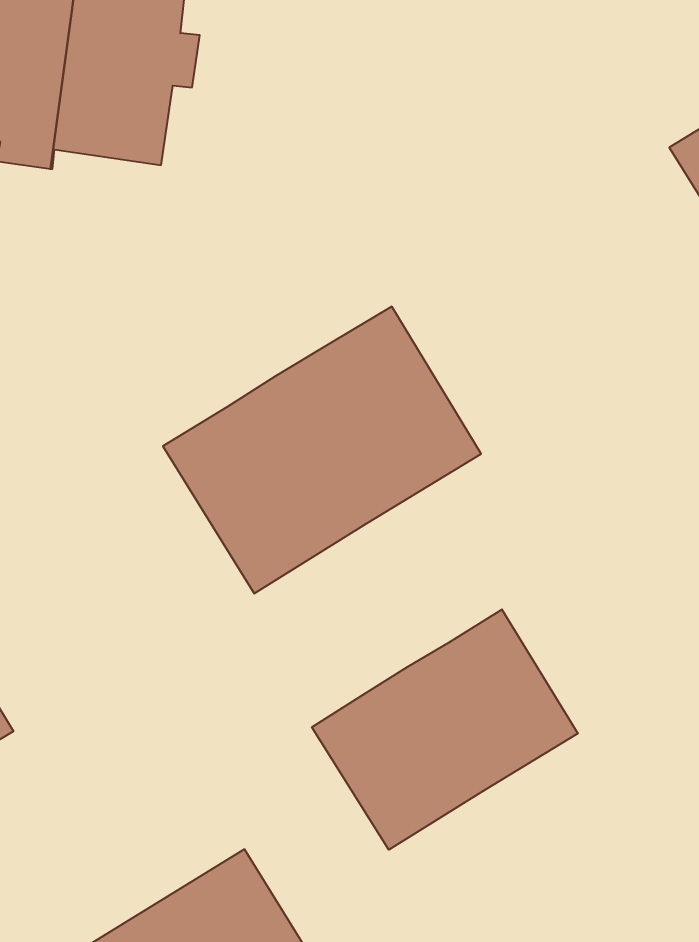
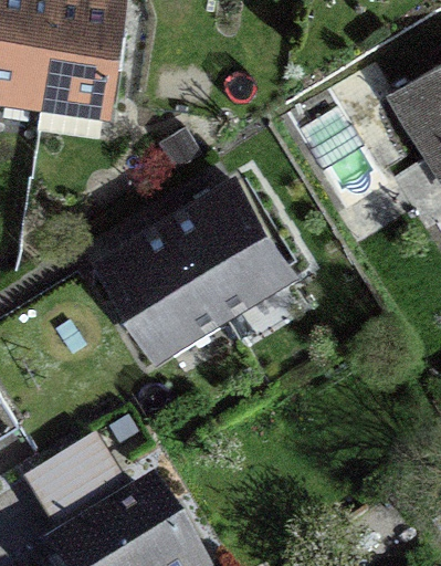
building: [312,609,578,850] -> none

